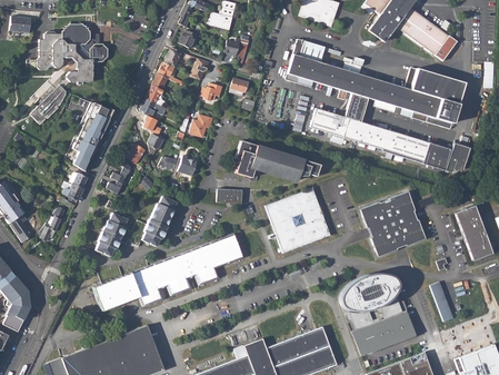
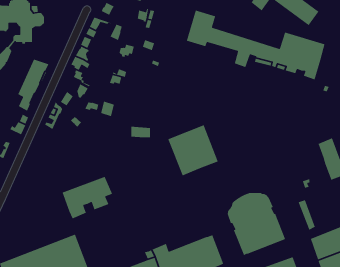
building: [311,109,471,172] -> none
building: [236,140,320,182] -> none
building: [359,188,423,254] -> none
building: [94,198,176,258] -> none
building: [184,233,241,285] -> none
building: [91,273,138,312] -> none

